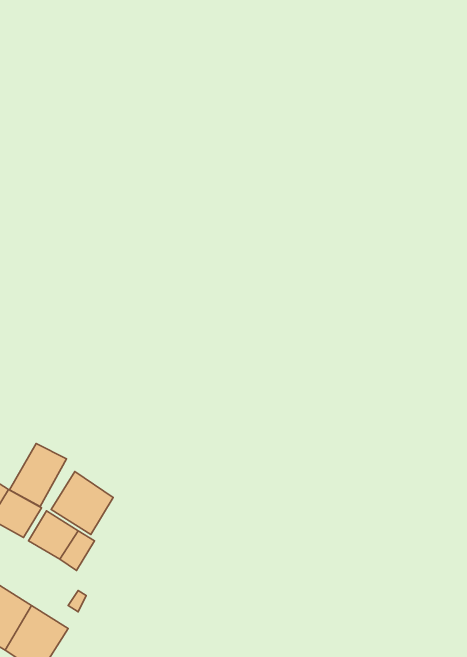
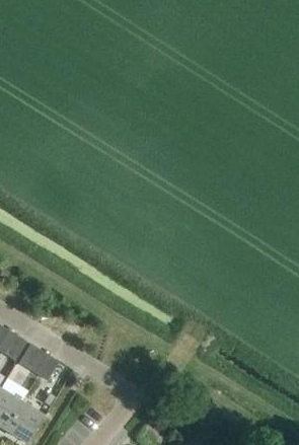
building: [9,443,66,507] -> none
building: [51,472,113,535] -> none

